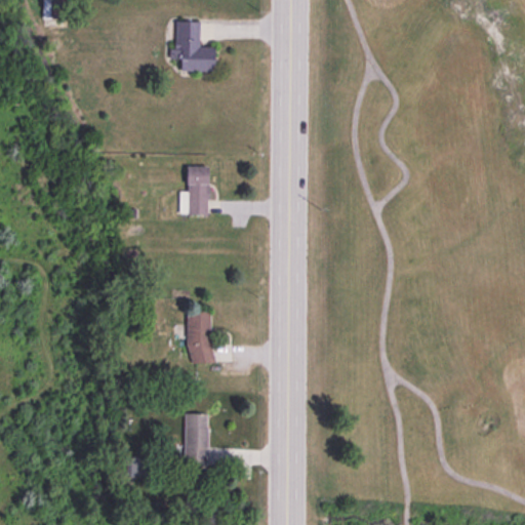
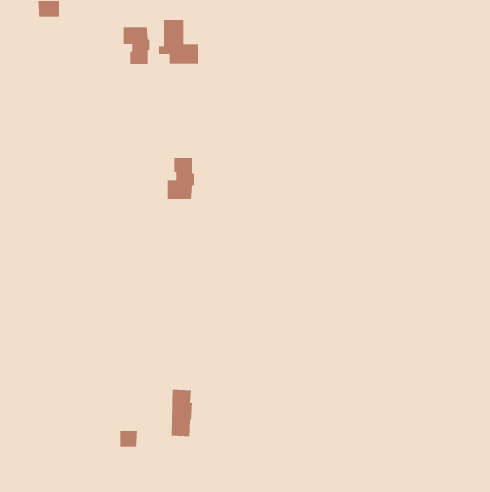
building: none -> [123,27,150,65]
building: [188,313,215,364] -> none

